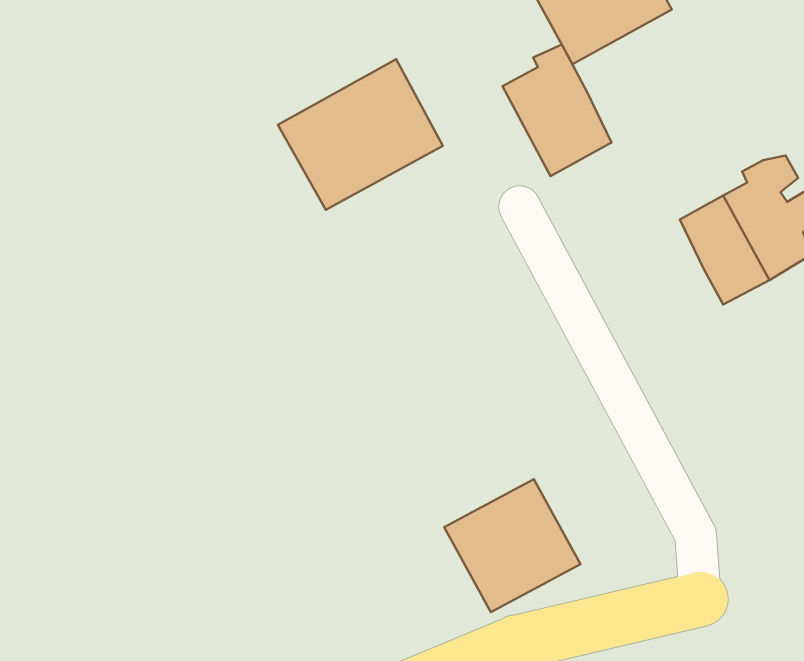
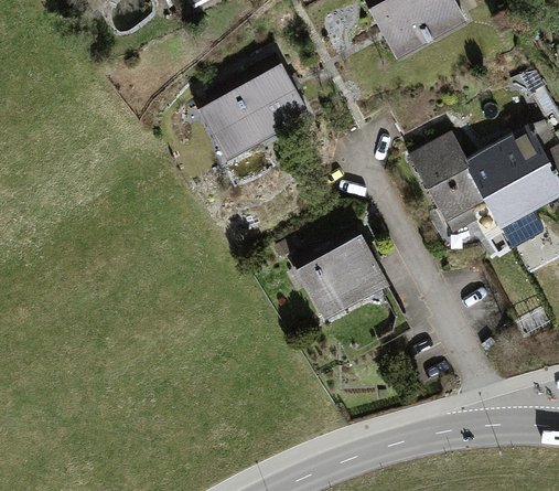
building: [503,45,612,176] -> [413,135,488,225]
building: [444,479,580,612] -> [294,228,388,320]

